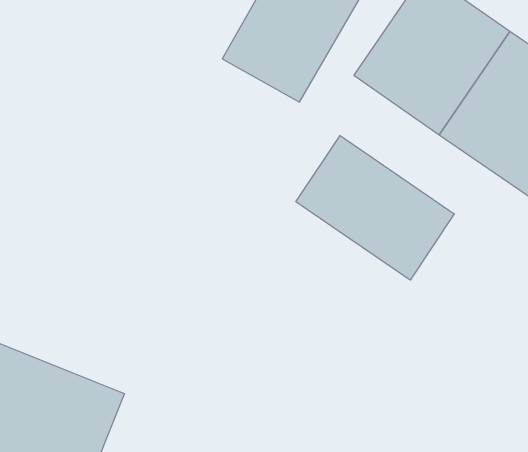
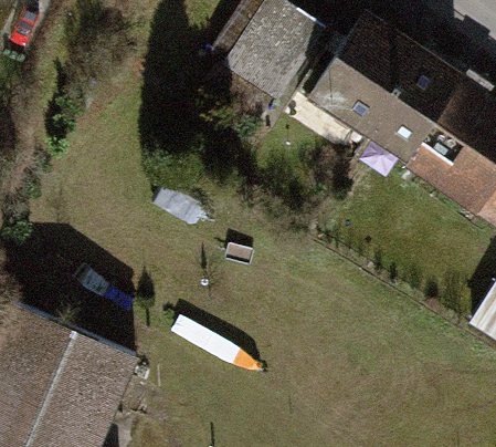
building: [296,136,454,280] -> none

